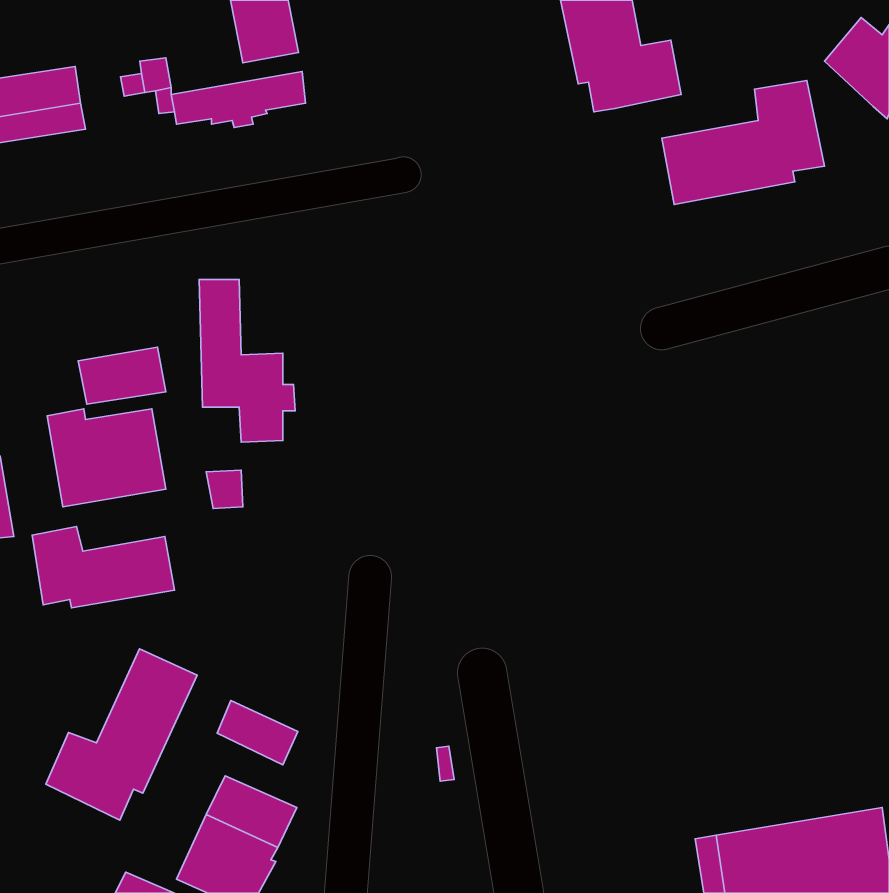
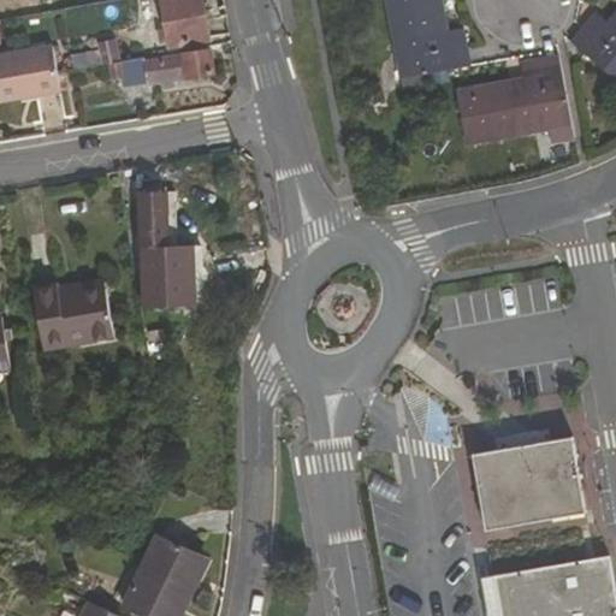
building: [78,347,166,404] -> none
building: [32,526,174,608] -> none
building: none -> [473,443,582,523]
building: [46,649,197,820] -> none
building: [217,701,298,765] -> none

